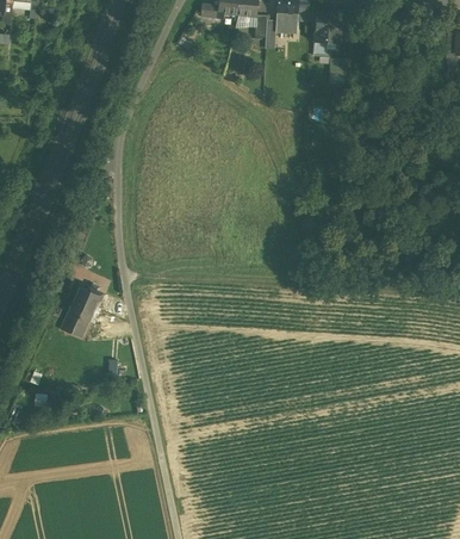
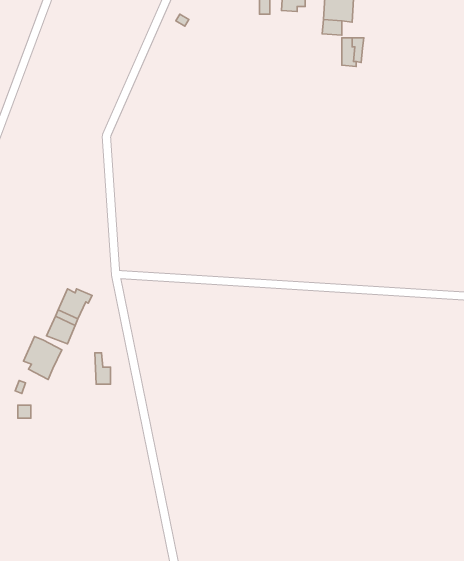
building: none -> [24,337,62,379]

